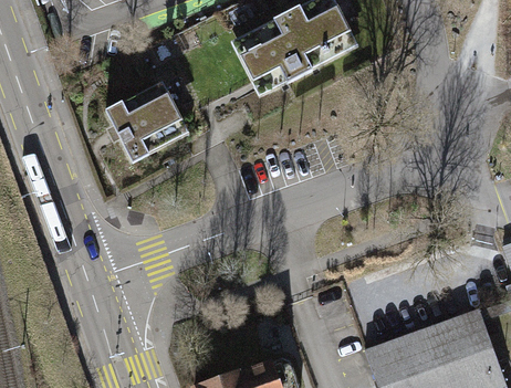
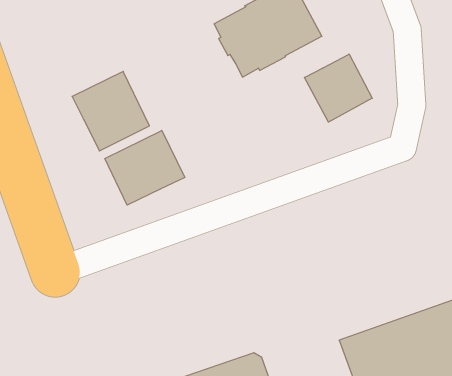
building: none -> [304,54,372,122]
building: none -> [105,130,185,205]

